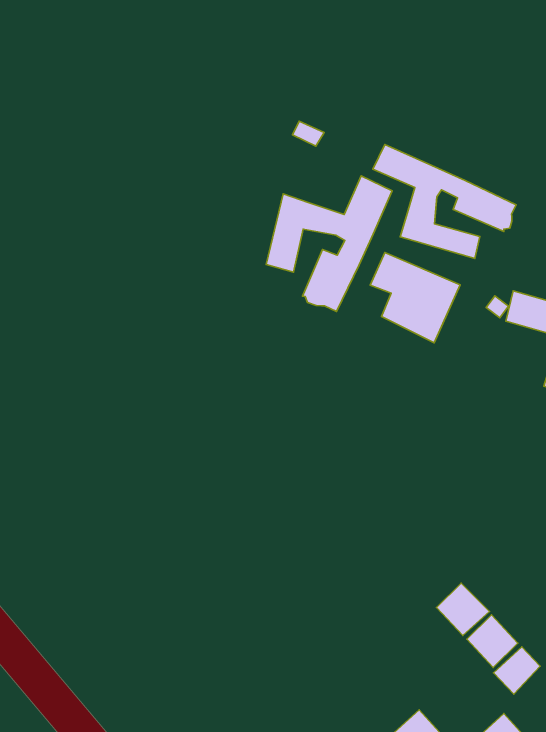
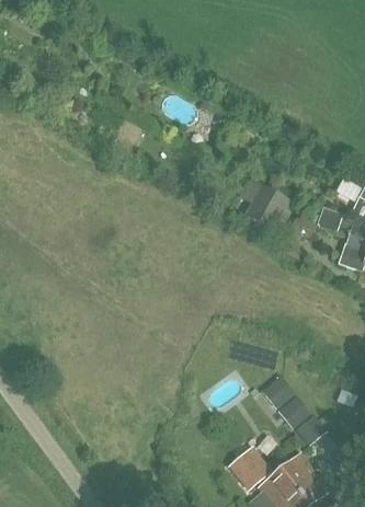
building: [373,145,516,259] -> none
building: [266,176,392,311] -> none

